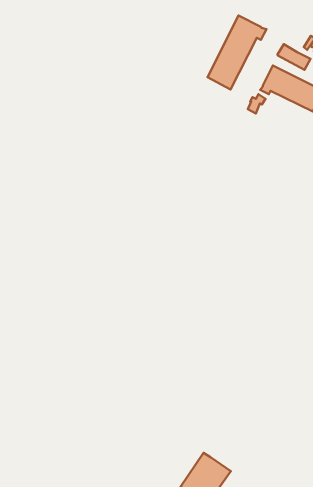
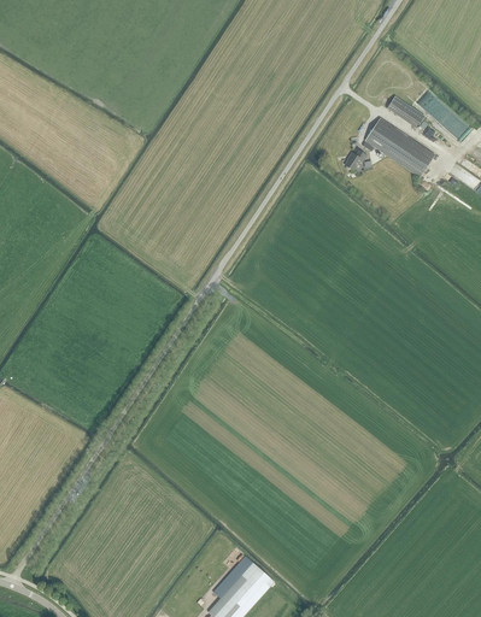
building: [207,15,266,90] -> none

